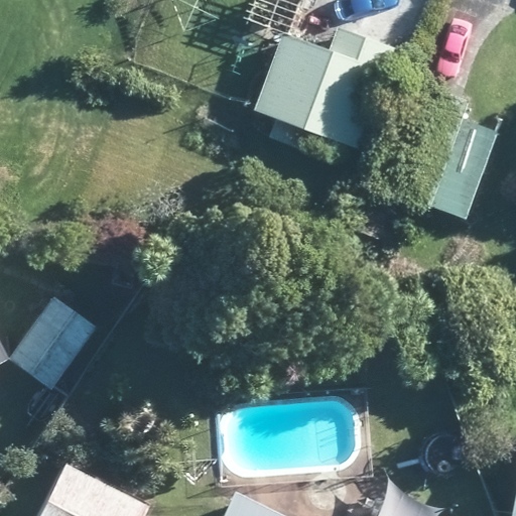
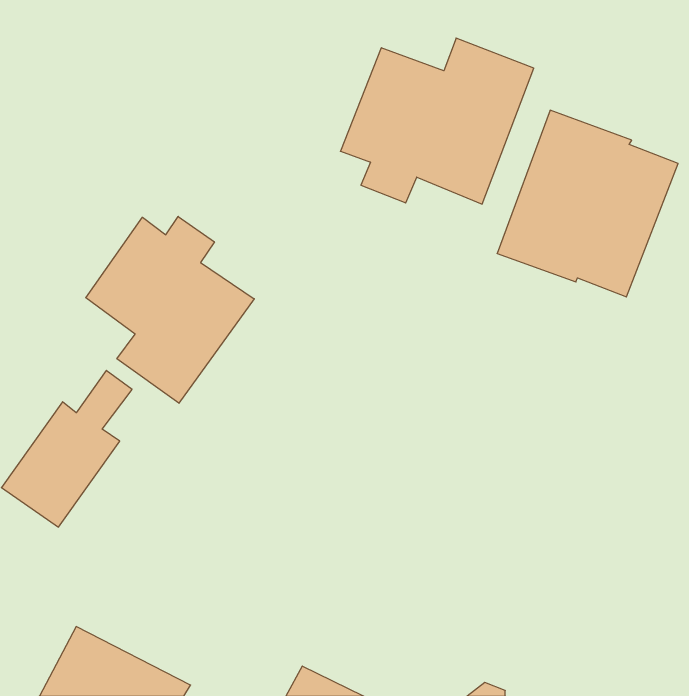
building: none -> [86,216,254,403]

